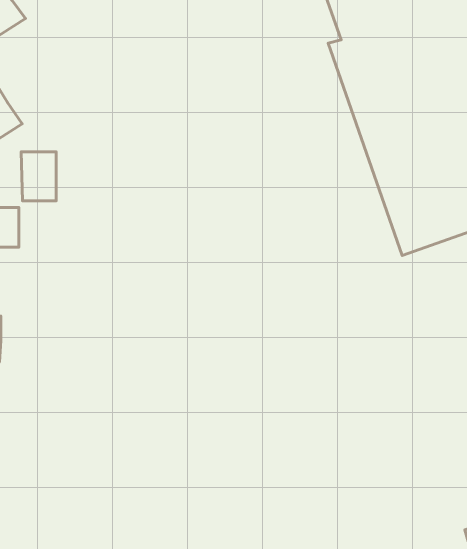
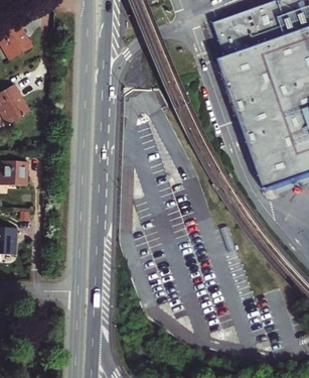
building: [21,152,56,201] -> none

